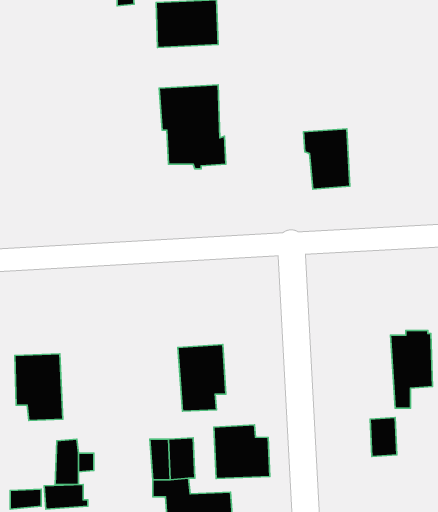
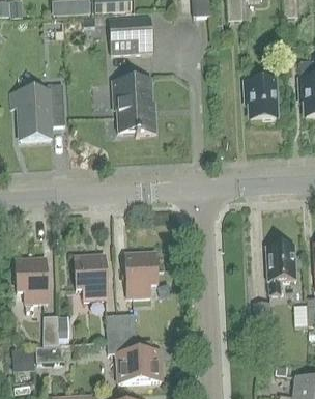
building: none -> [10,82,65,138]
building: [303,129,350,189] -> [245,78,276,118]
building: none -> [75,254,107,298]
building: [214,425,270,478] -> none

